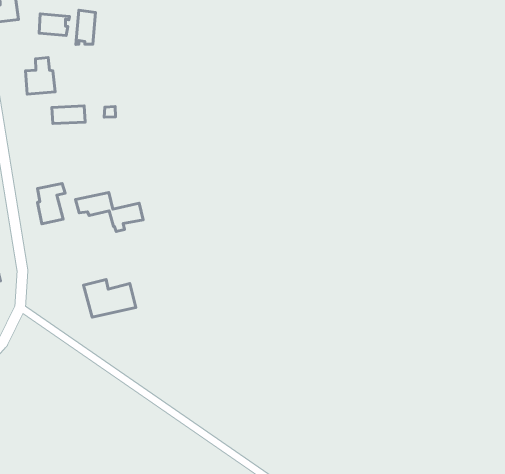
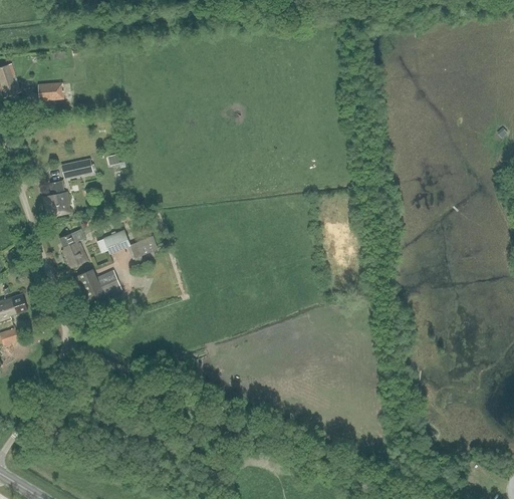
building: [76,10,96,44] -> none
building: [25,57,55,94] -> [43,182,72,217]
building: [84,280,136,317] -> [72,270,121,305]

